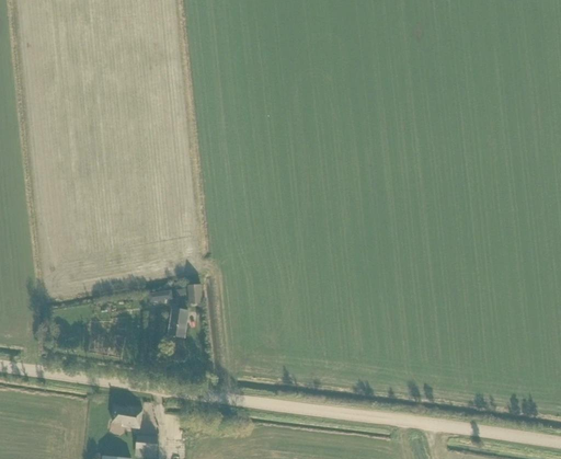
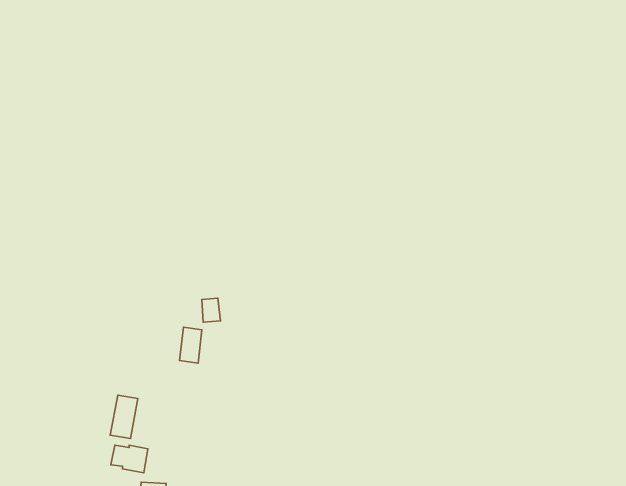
building: none -> [110,395,138,438]

